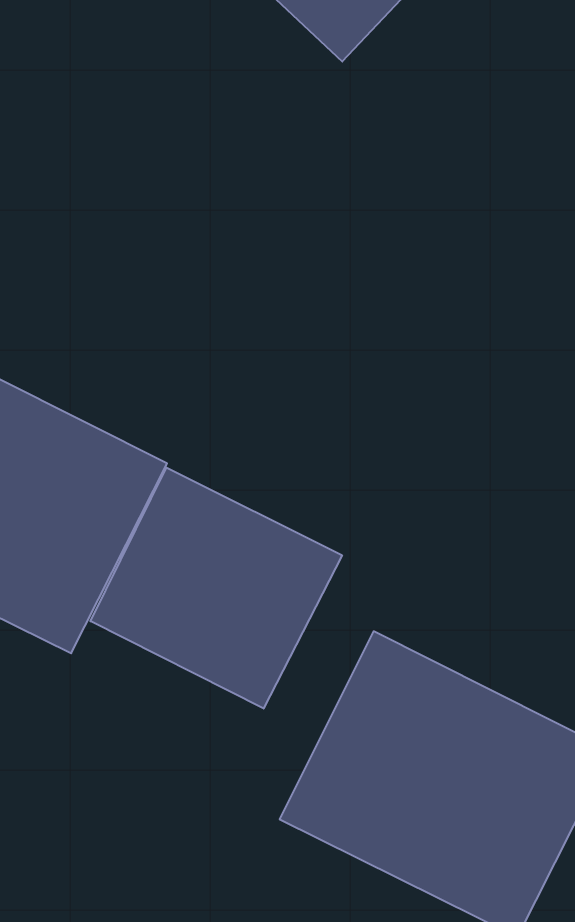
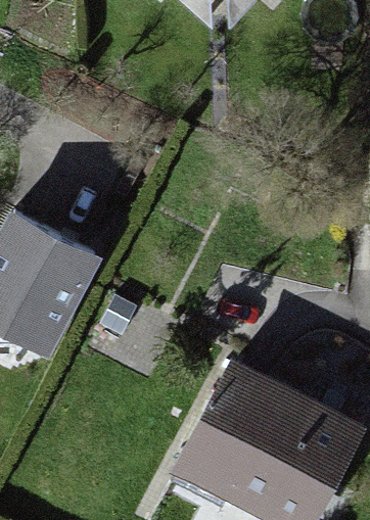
building: [90,467,342,709] -> none

